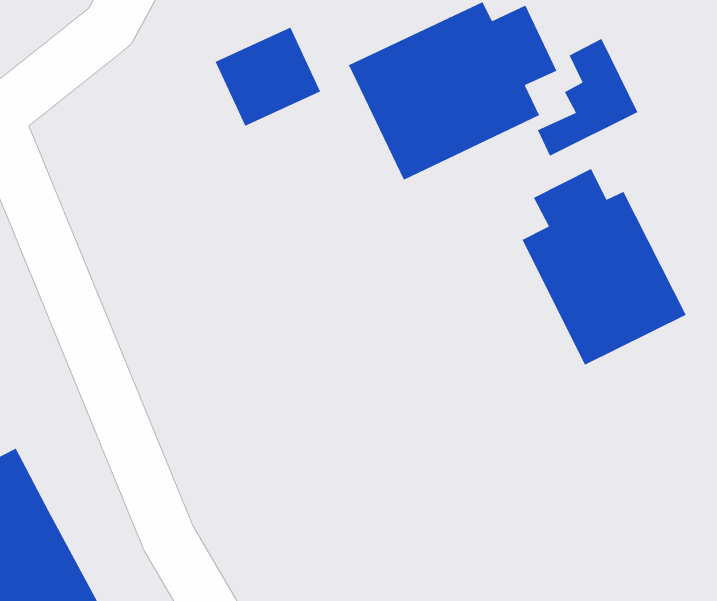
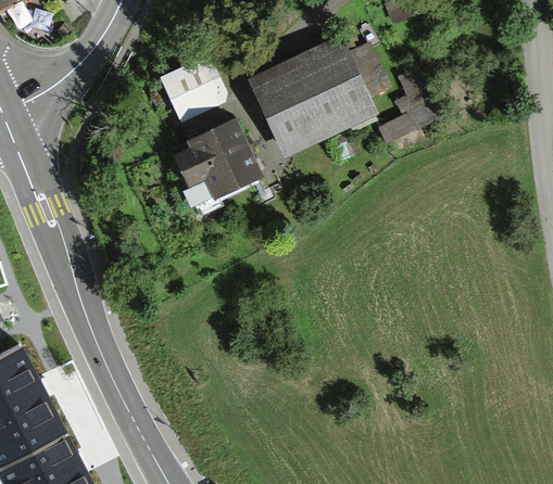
building: none -> [169,120,263,203]
building: [521,168,687,366] -> none

